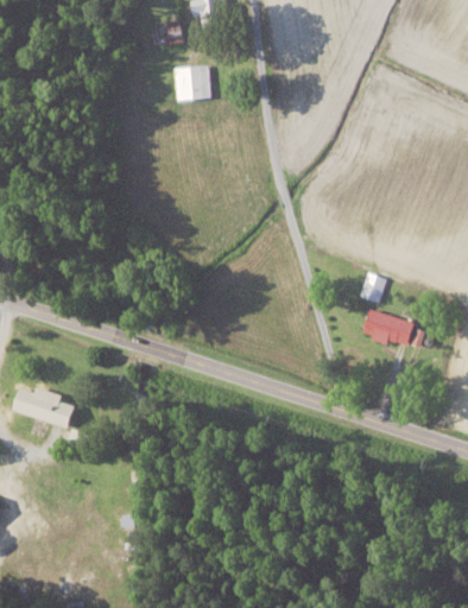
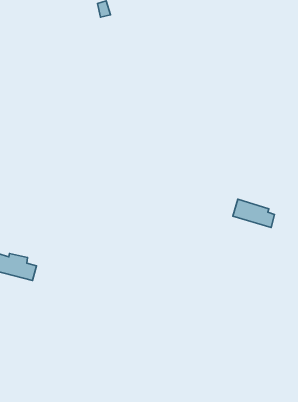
building: [173,65,209,100] -> none
building: [359,272,385,302] -> none

